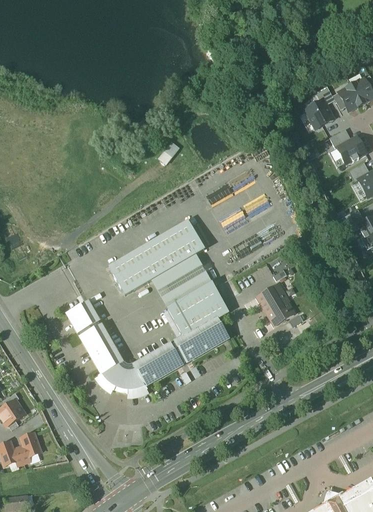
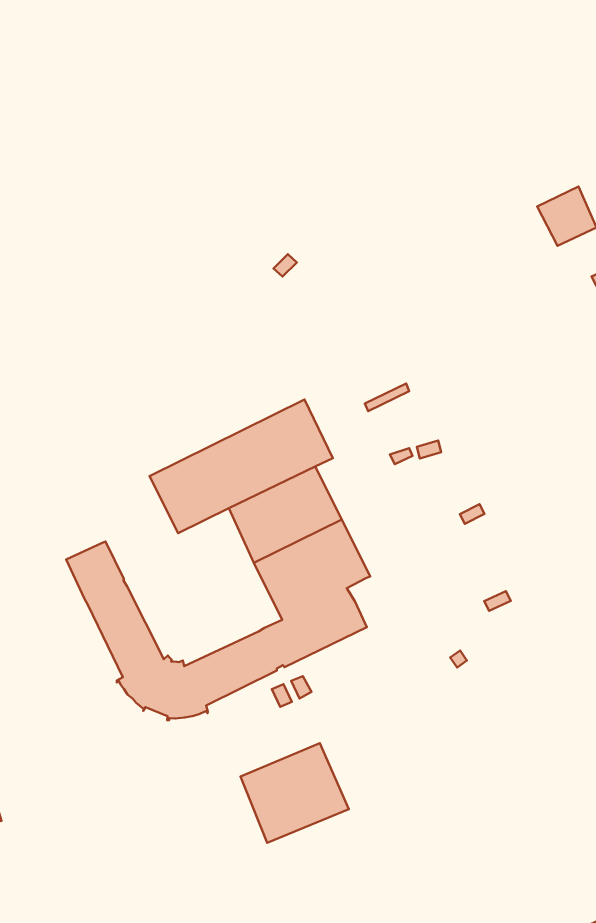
building: [257,284,294,326] -> none
building: none -> [241,743,349,843]

